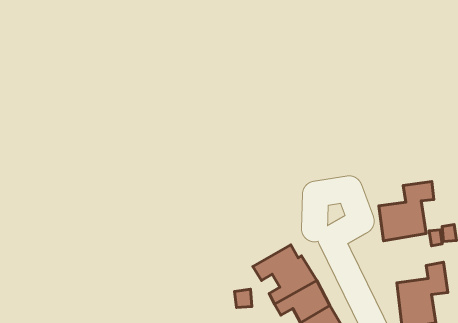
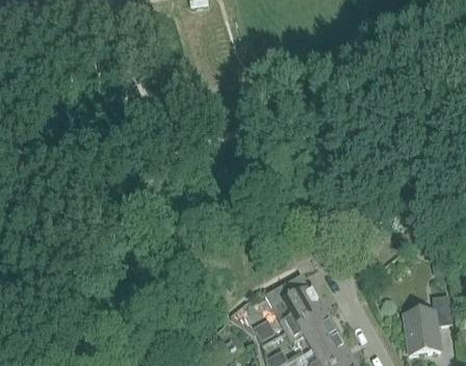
building: [379,181,434,241] -> none

